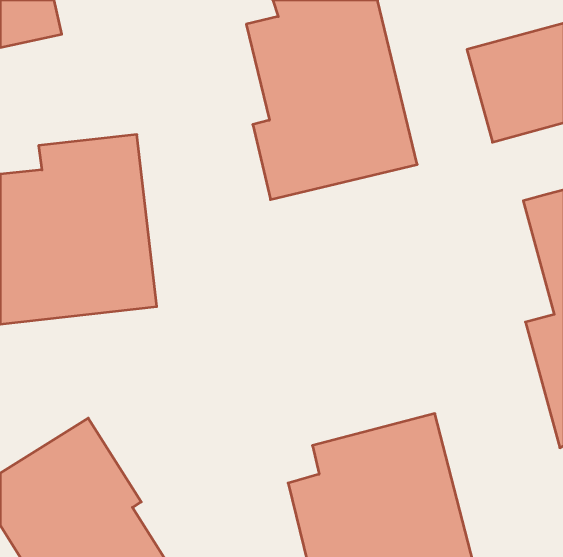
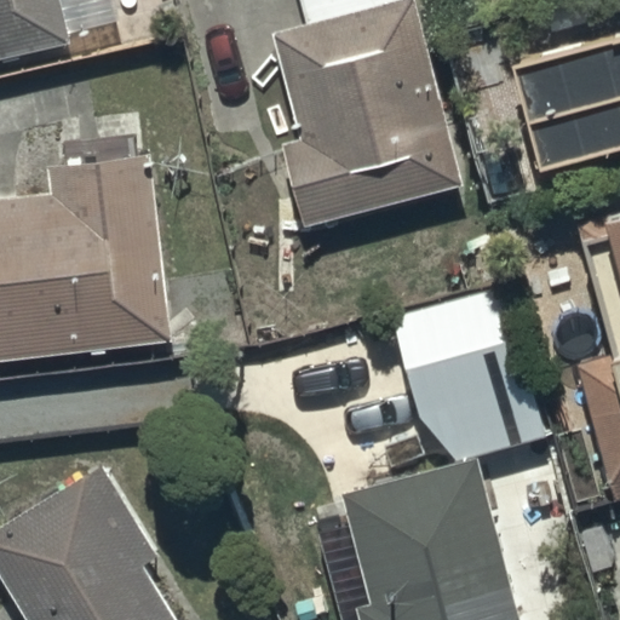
building: none -> [348,291,541,488]

